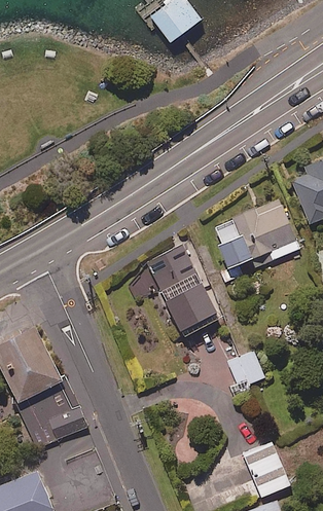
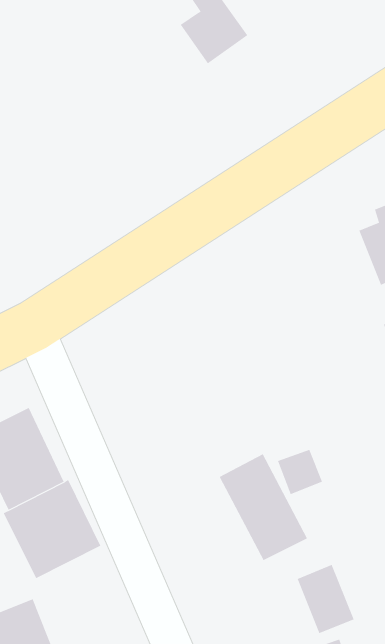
building: [211,199,300,267] -> none
building: [147,245,217,329] -> [219,453,308,561]

